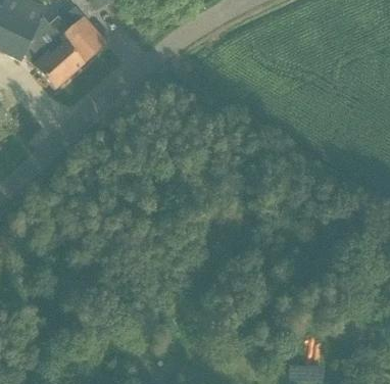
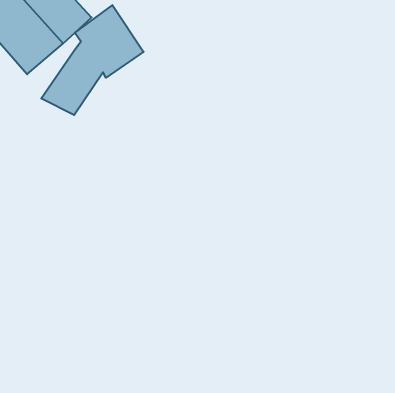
building: none -> [41,5,144,115]

